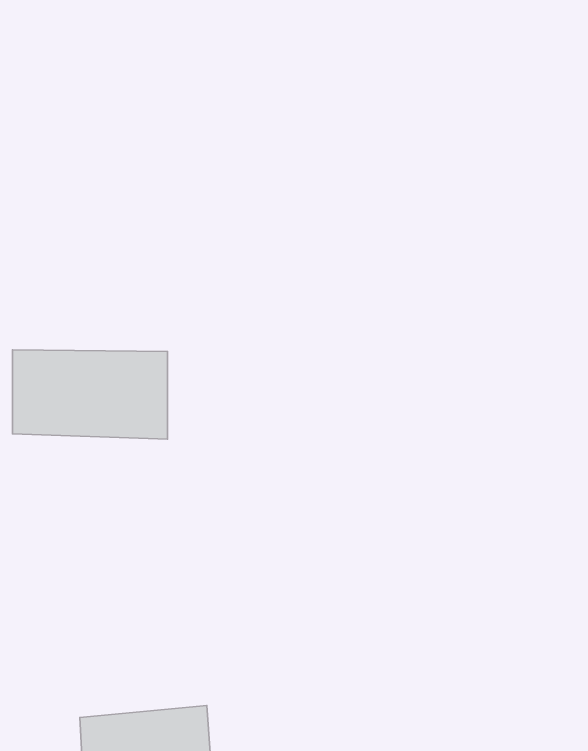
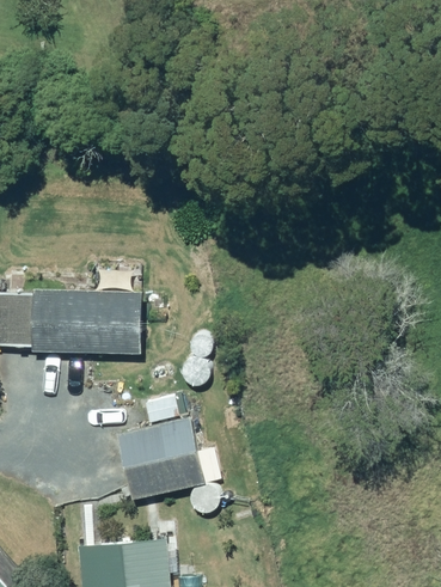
building: none -> [117,420,203,500]

